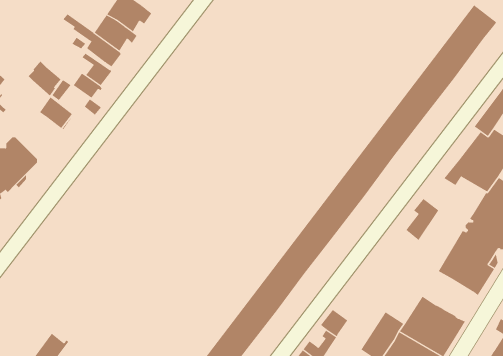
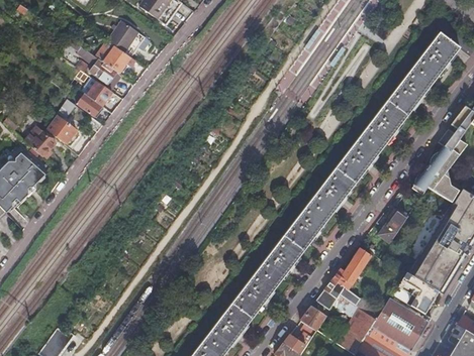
building: [28,61,61,96] -> [25,125,56,157]
building: none -> [315,247,371,309]
building: none -> [392,271,439,314]

